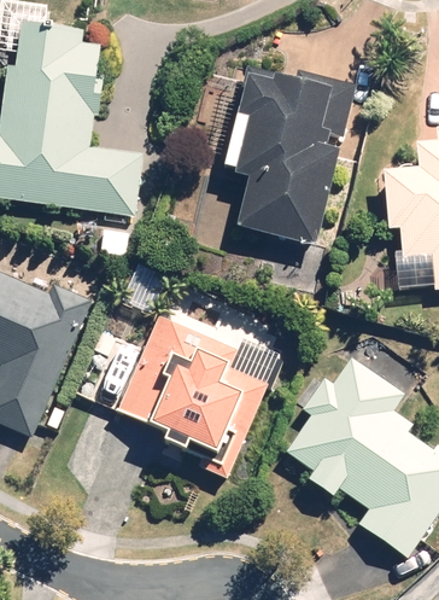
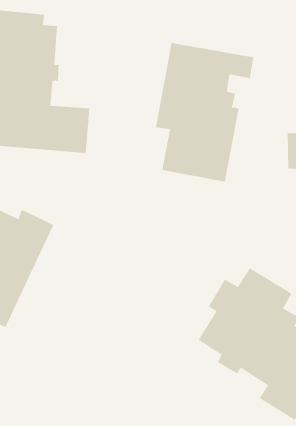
building: [115,309,281,478] -> none

